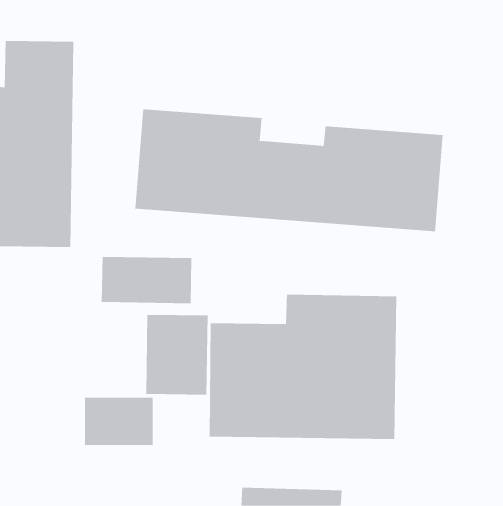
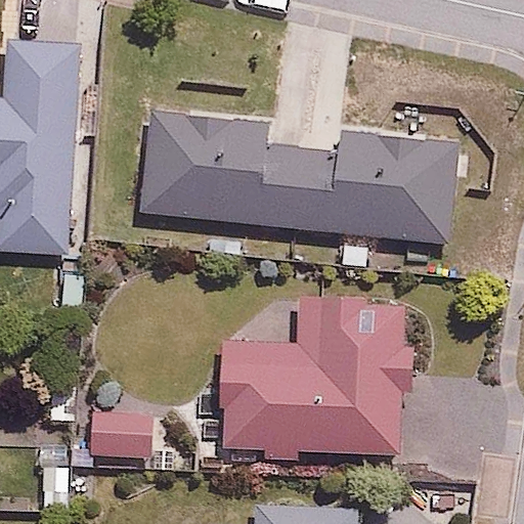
building: [101,256,192,304] -> none
building: [146,314,208,395] -> none

